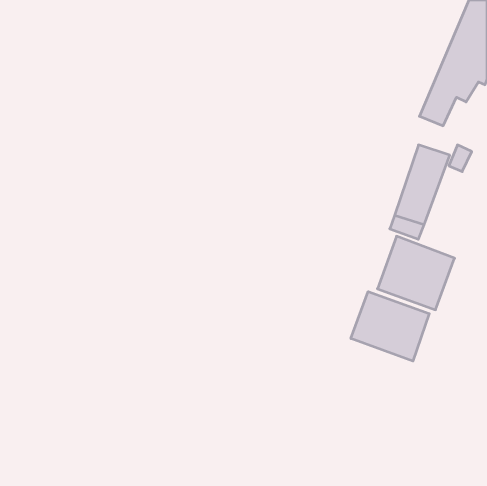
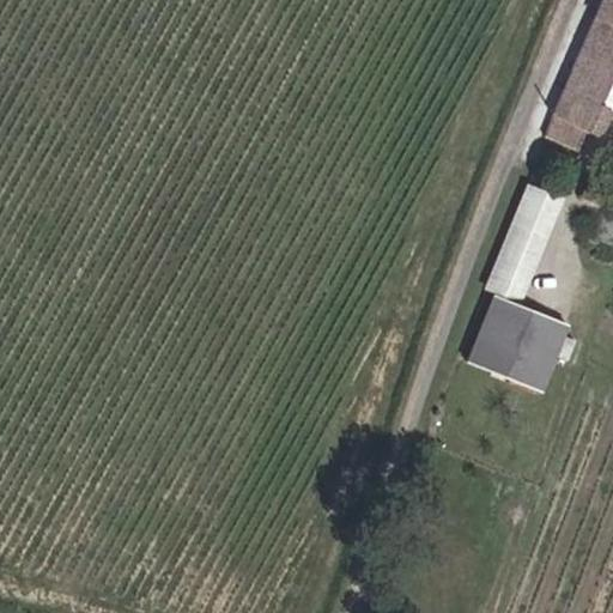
building: [351,292,429,361] -> none

